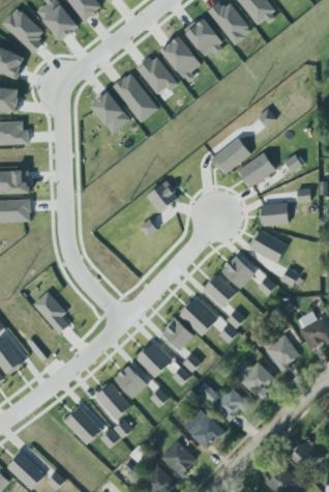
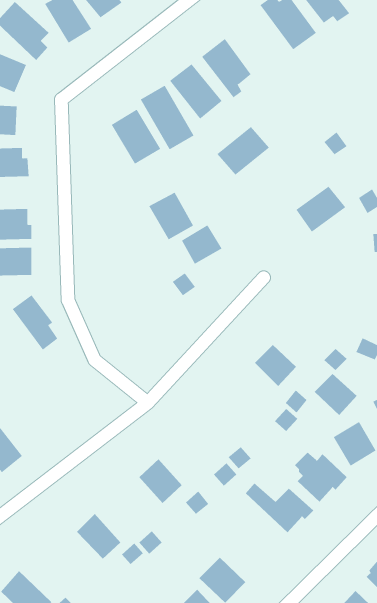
building: [186,17,225,59] -> none
building: [210,136,251,174] -> [216,126,270,175]
building: none -> [148,192,194,240]
building: [263,203,289,225] -> none
building: [249,230,288,261] -> none
building: [221,255,256,288] -> [314,373,358,416]
building: [34,291,70,335] -> [12,295,58,351]
building: [179,298,215,335] -> none
building: [161,317,195,350] -> none
building: [136,343,169,377] -> none
building: [95,382,131,419] -> none
building: [191,416,225,451] -> none

